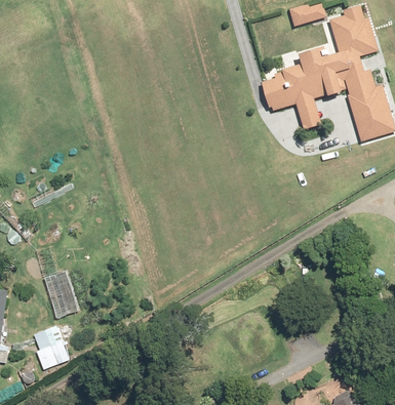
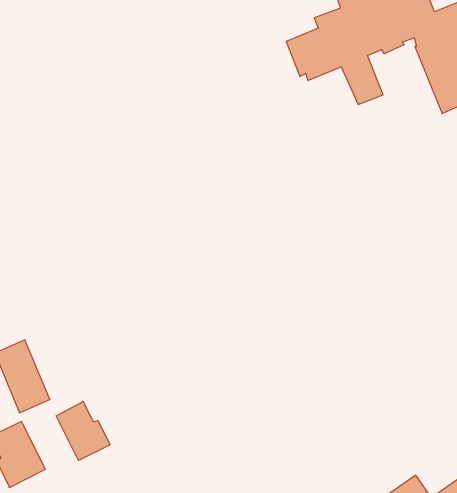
building: none -> [56,401,110,460]

